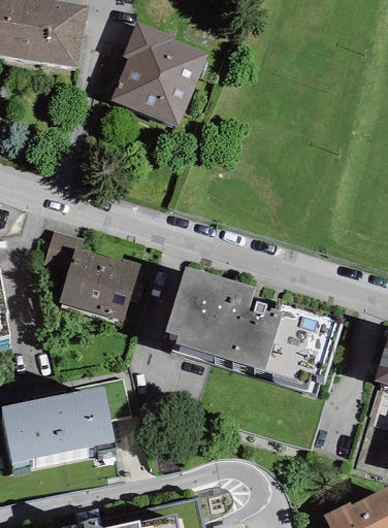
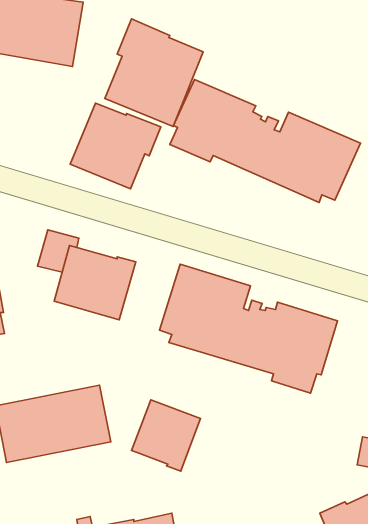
building: none -> [170,79,360,202]
building: none -> [70,103,161,189]
building: none -> [132,400,200,471]

